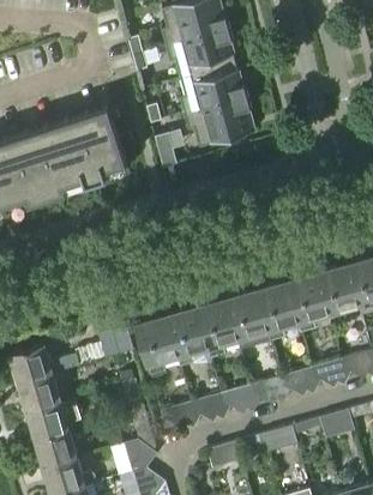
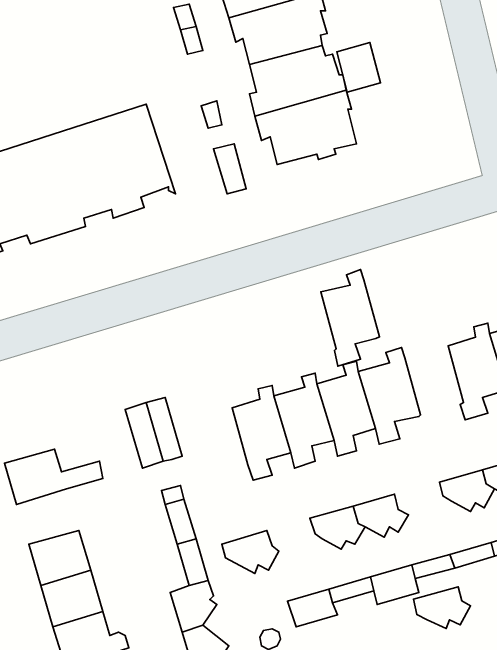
building: none -> [337,43,380,92]
building: [288,265,329,332] -> [321,270,379,366]
building: [138,308,179,374] -> none
building: [281,367,320,396] -> [413,587,470,628]
building: [18,372,61,410] -> none
building: [192,392,230,422] -> none

